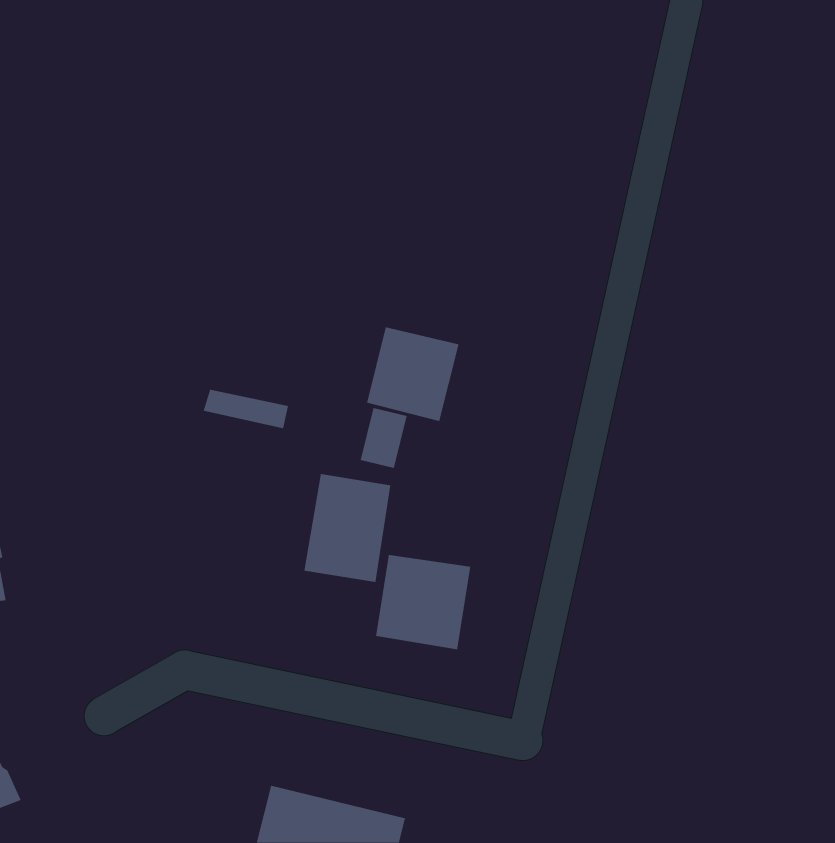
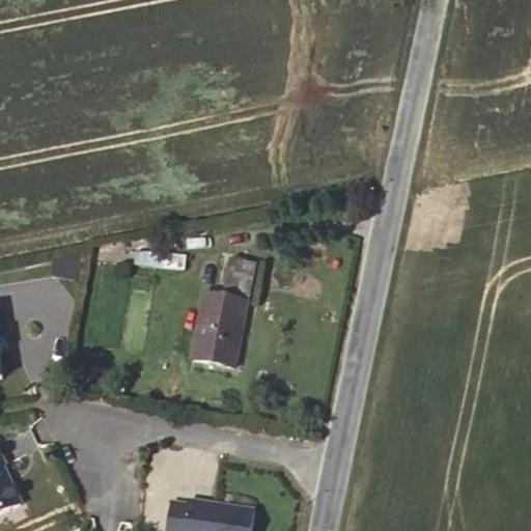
building: [367,327,459,422] -> none
building: [376,554,471,650] -> none

